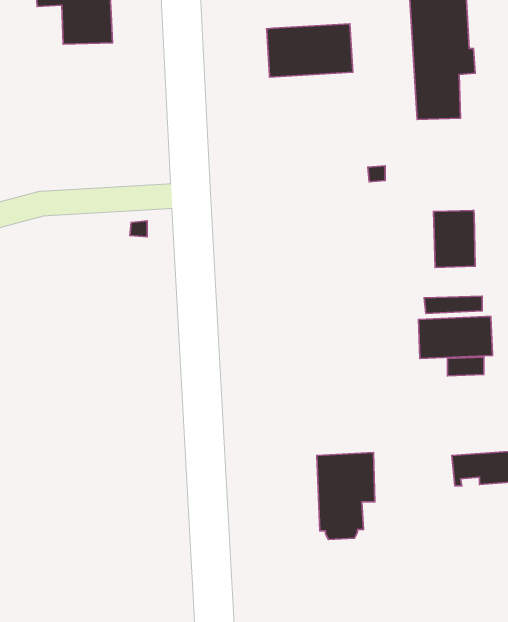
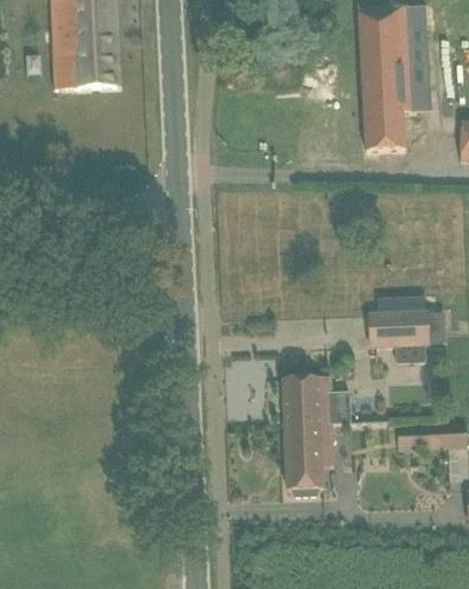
building: [267,24,353,77] -> none
building: [434,210,475,267] -> none
building: none -> [282,378,349,427]

